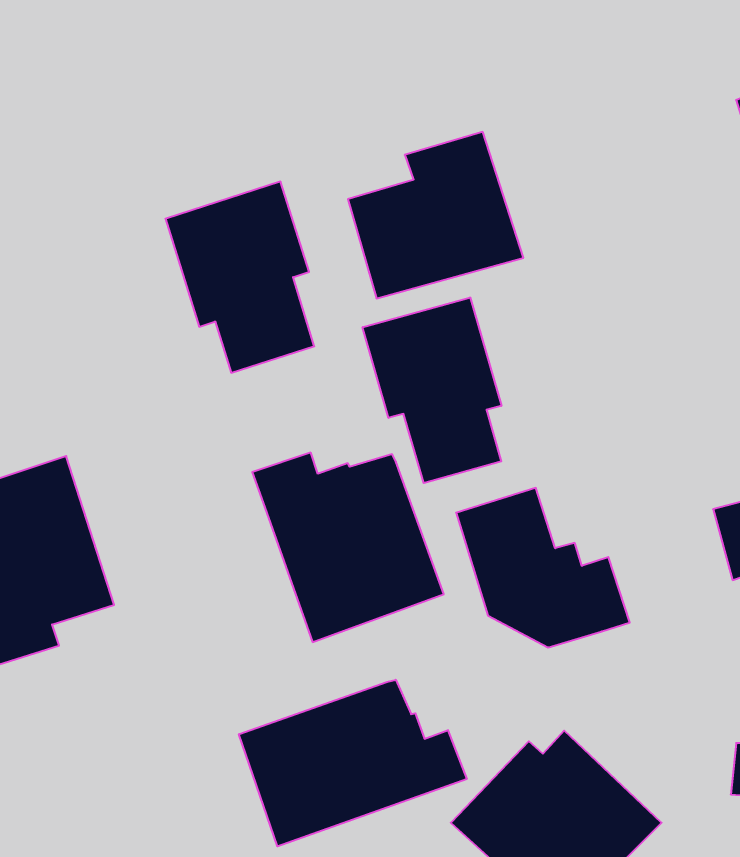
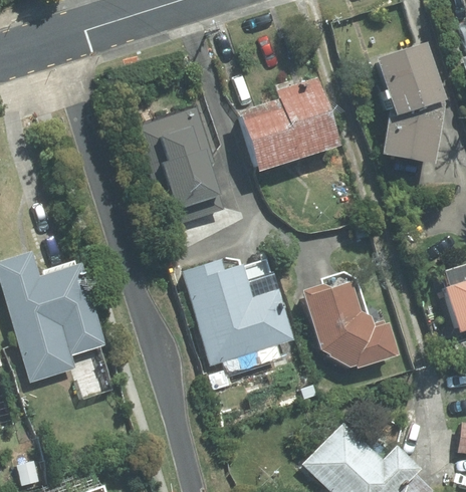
building: none -> [373,40,445,165]
building: [363,297,501,483] -> none
building: [239,680,467,846] -> none

